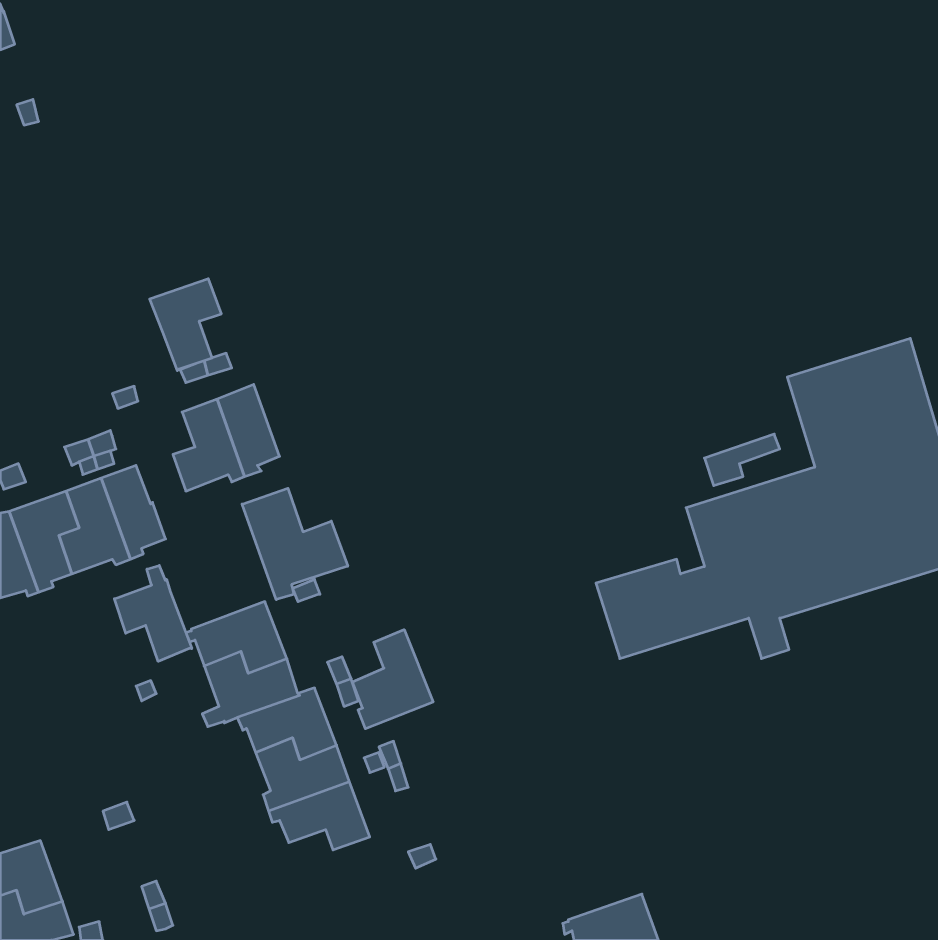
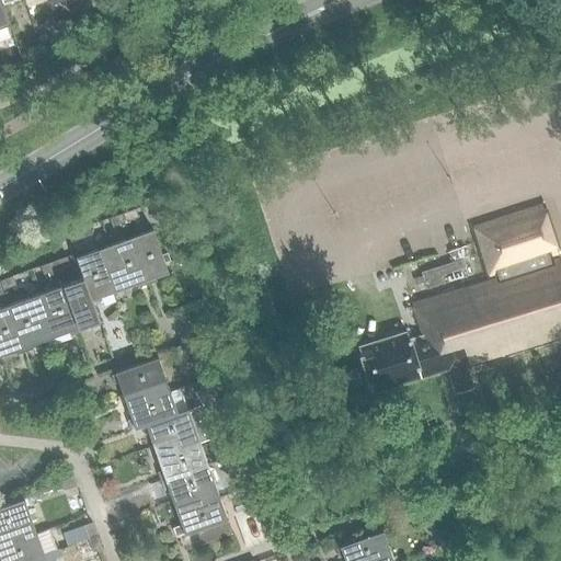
building: [150,279,221,371] -> [75,245,117,300]
building: [242,488,348,600] -> none
building: [114,565,192,661] -> none
building: [352,630,433,729] -> none
building: none -> [173,494,233,546]

